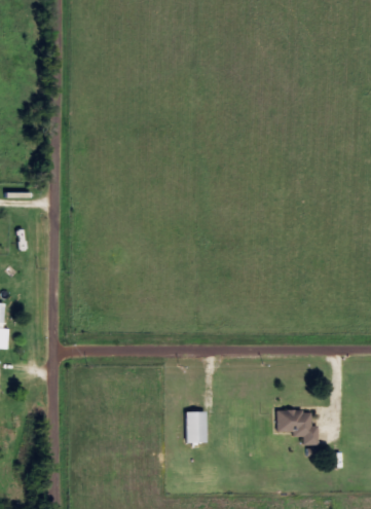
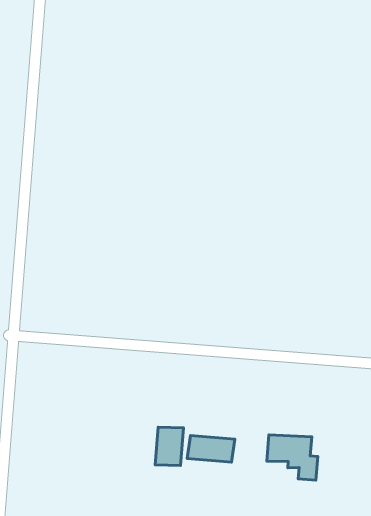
building: none -> [187,435,235,462]

